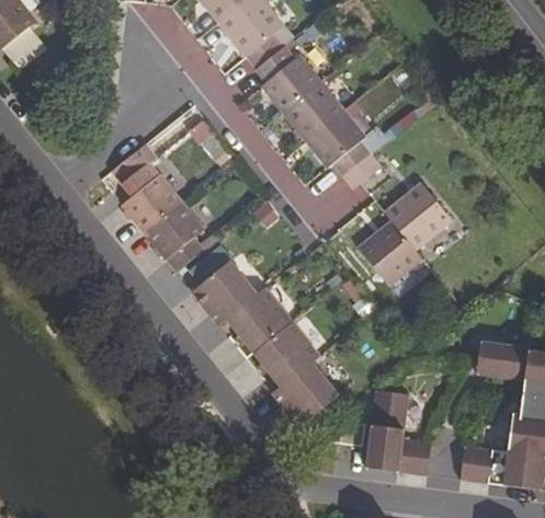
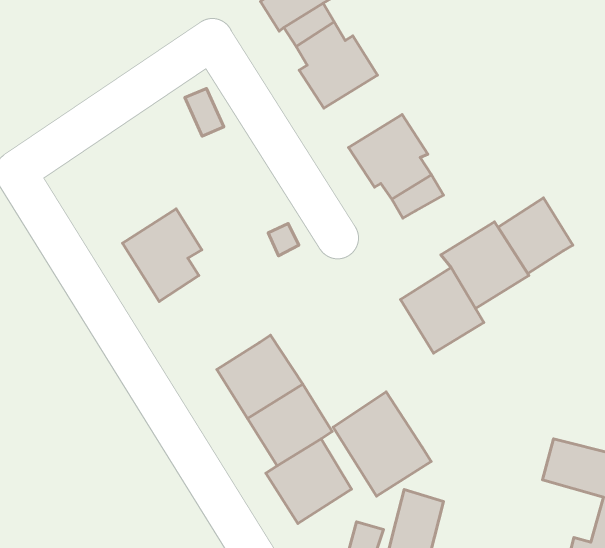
building: [283,83,342,140] -> none
building: [111,143,181,232] -> none
building: none -> [498,198,573,273]
building: [192,262,256,324] -> none
building: none -> [333,392,431,496]

